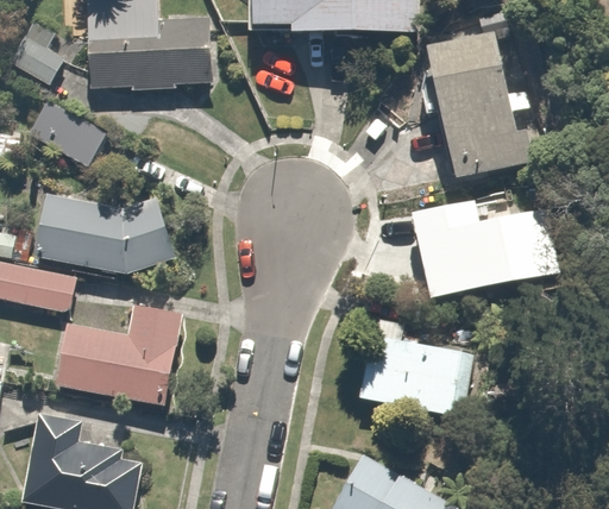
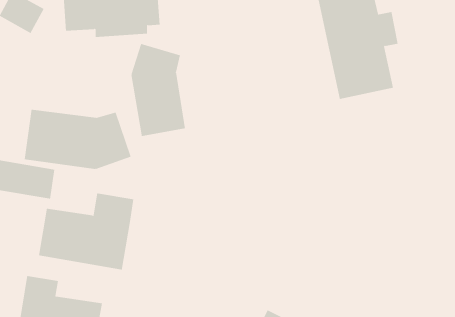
building: [26,102,107,168] -> none
building: none -> [131,43,185,137]
building: [412,189,546,300] -> none
building: [358,333,469,417] -> none

